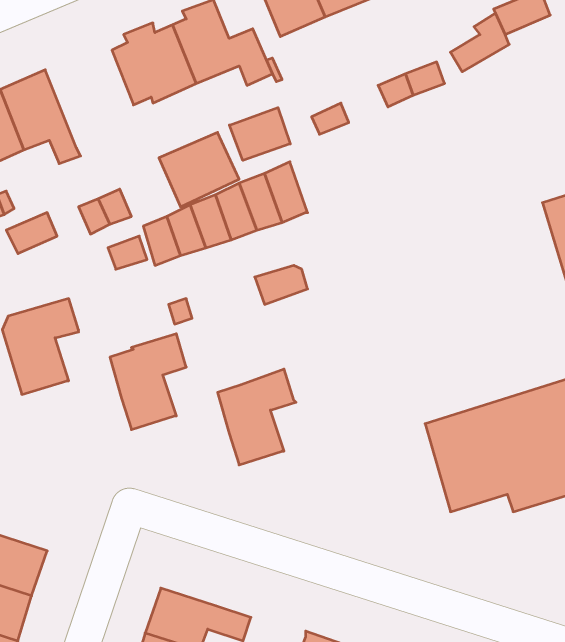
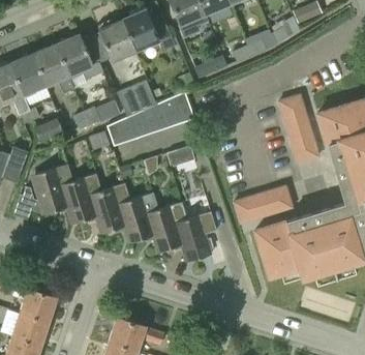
building: none -> [56,33,104,85]
building: [229,108,290,160] -> none
building: none -> [279,95,318,164]
building: none -> [61,174,102,225]
building: none -> [235,186,293,224]
building: none -> [118,193,159,243]
building: none -> [175,211,217,262]

